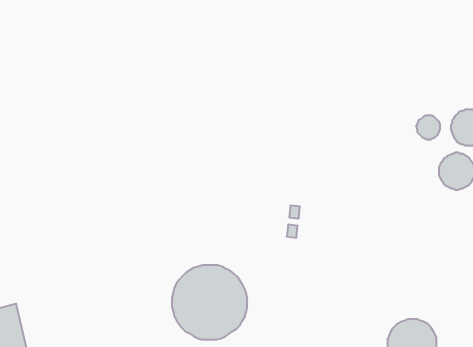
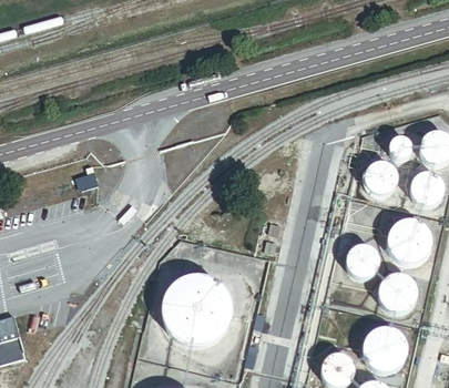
building: none -> [364,163,397,196]
building: none -> [386,217,431,263]
building: none -> [345,244,379,277]
building: none -> [377,274,416,313]

